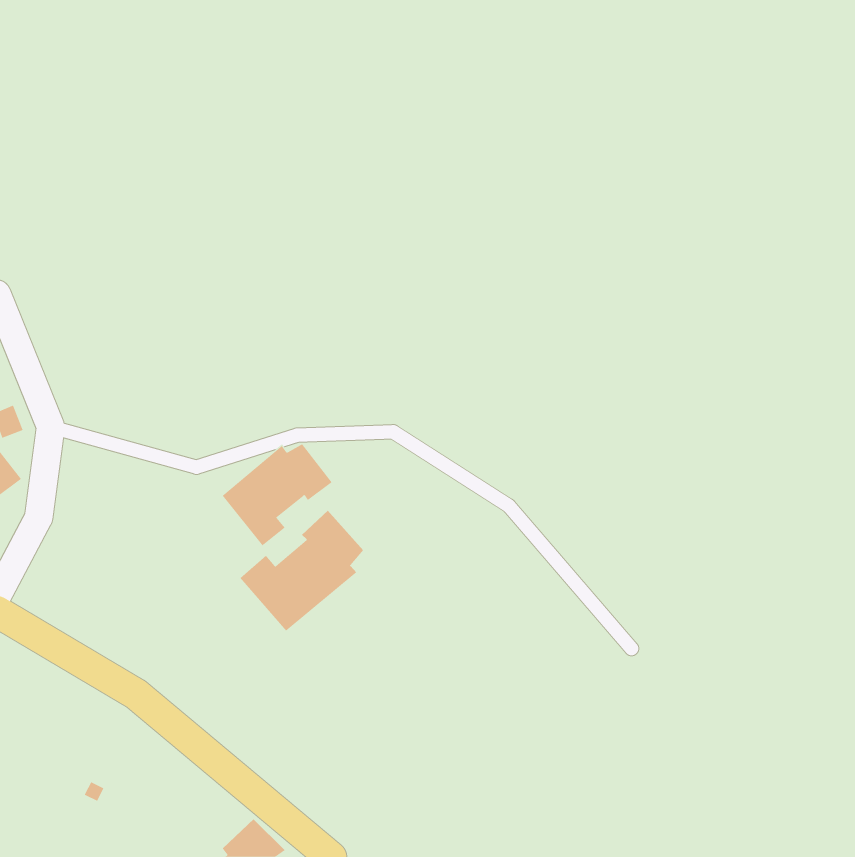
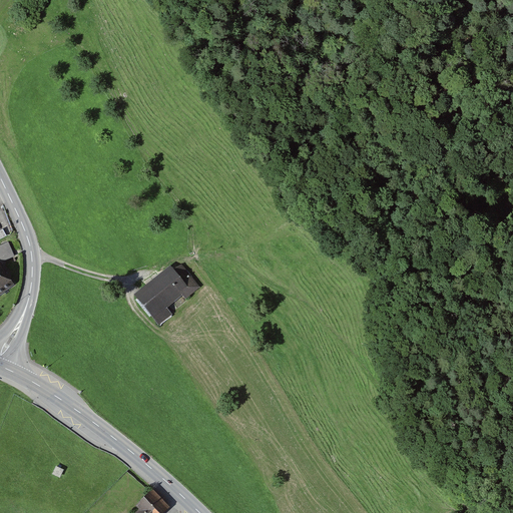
building: [240,510,364,631] -> none

